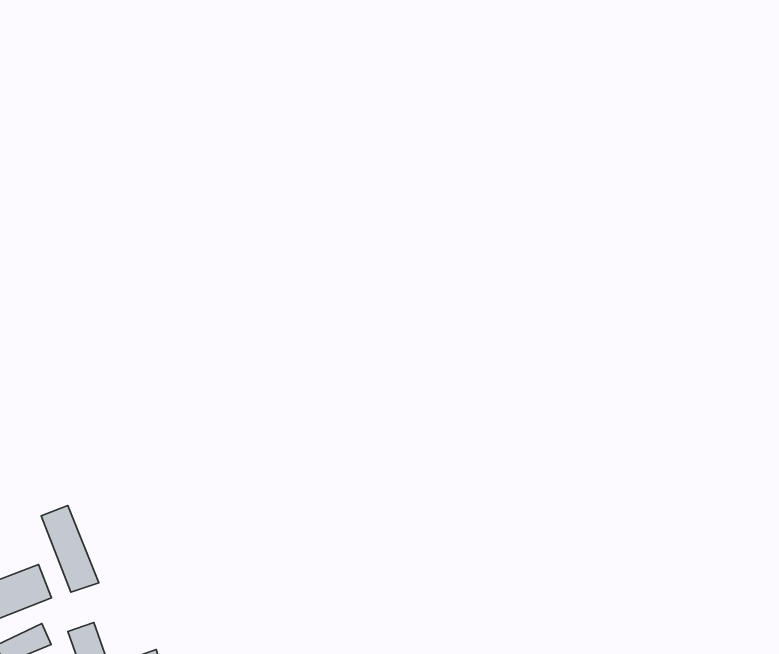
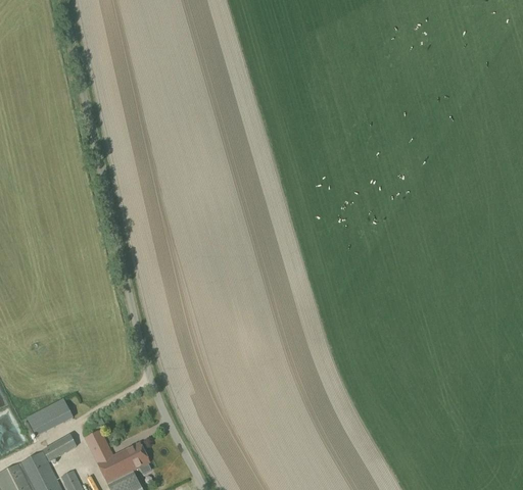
building: [41,505,99,592] -> none

